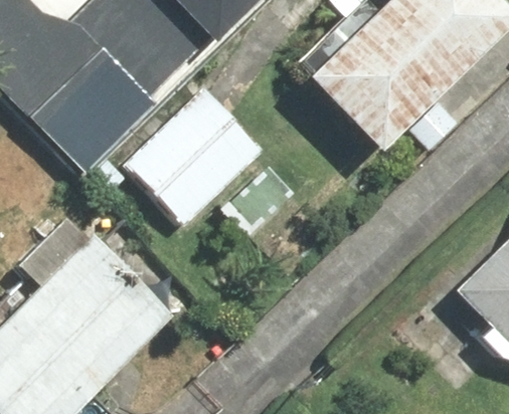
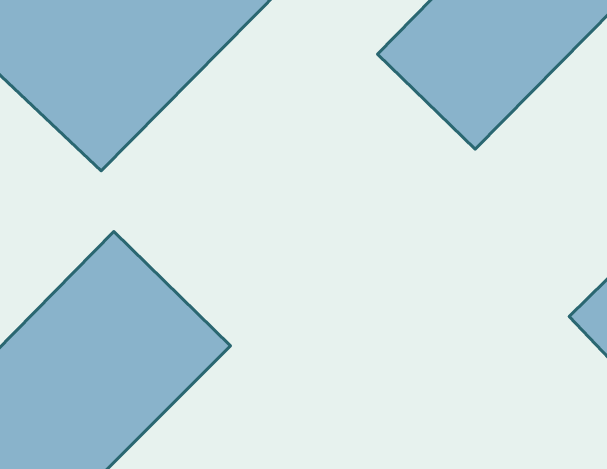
building: [127,84,268,225] -> none

